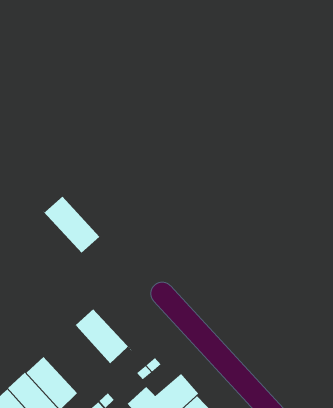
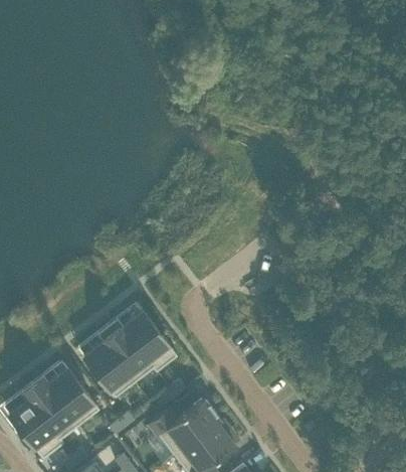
building: [43,196,100,253] -> [119,309,174,368]
building: none -> [80,339,131,395]

